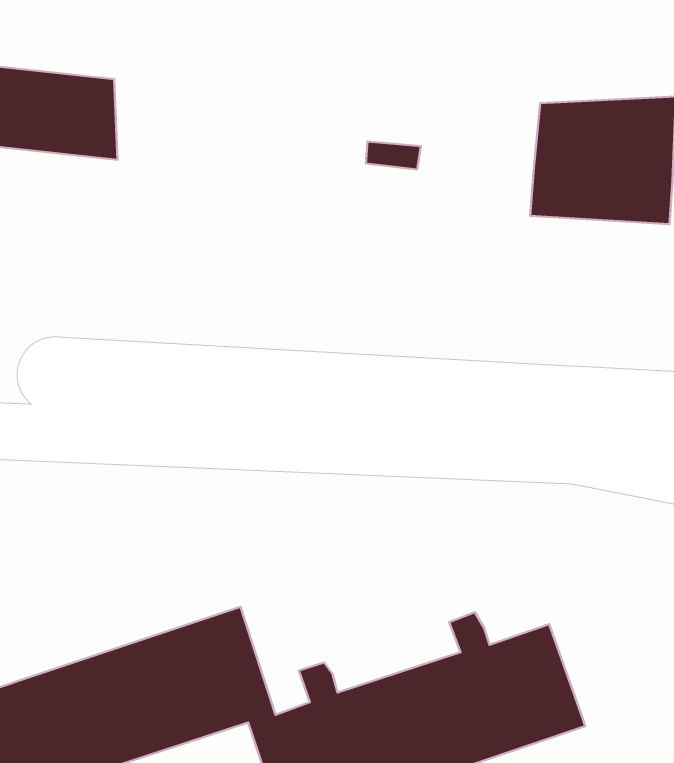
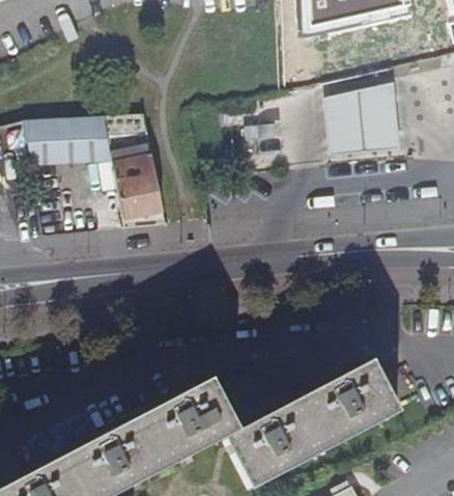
building: none -> [102,113,163,226]

